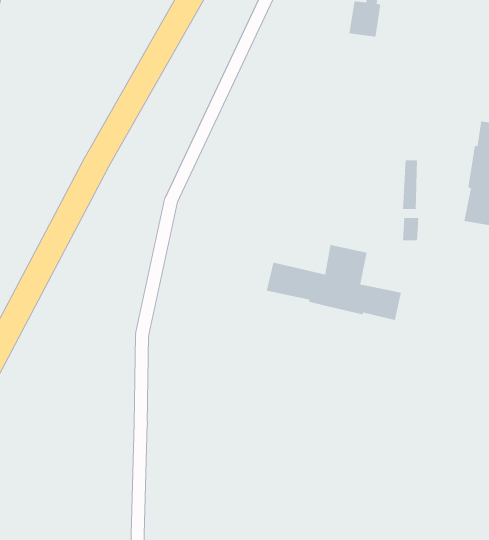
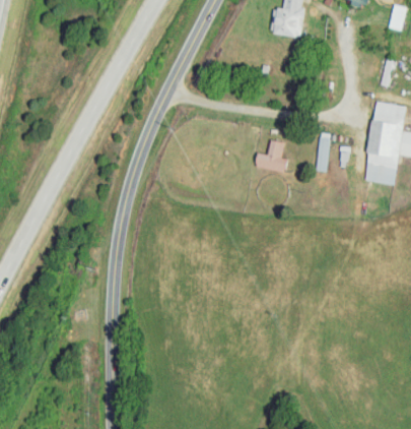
building: none -> [254,138,287,172]
building: [266,244,402,321] -> none

